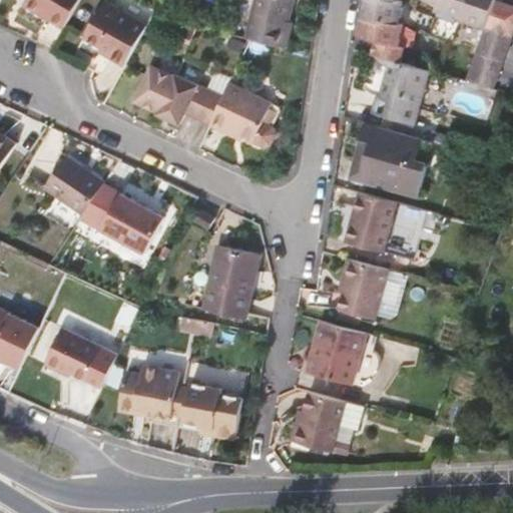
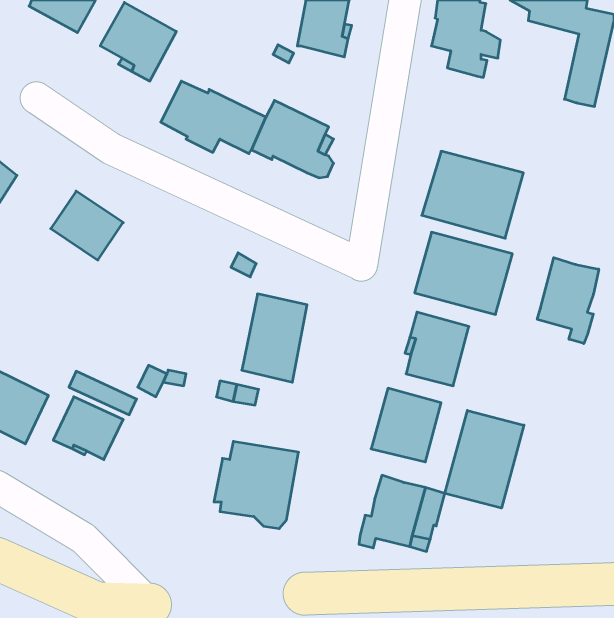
building: [369,57,432,125] -> none
building: [79,185,163,253] -> none
building: none -> [537,258,599,344]
building: none -> [445,410,524,508]
building: [119,353,184,421] -> none

